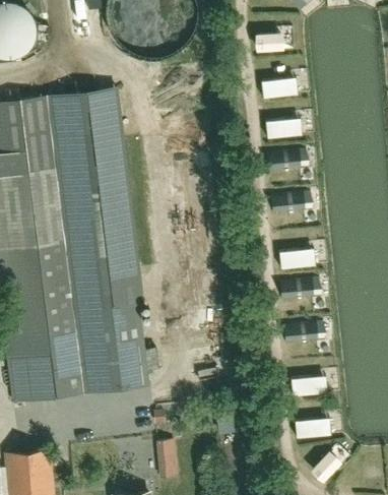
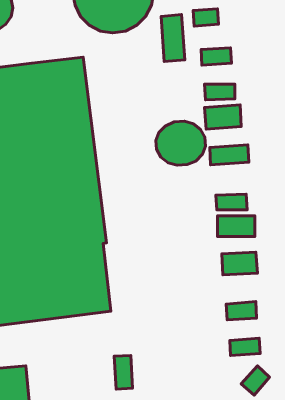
building: none -> [161,15,185,62]
building: none -> [156,121,206,165]

